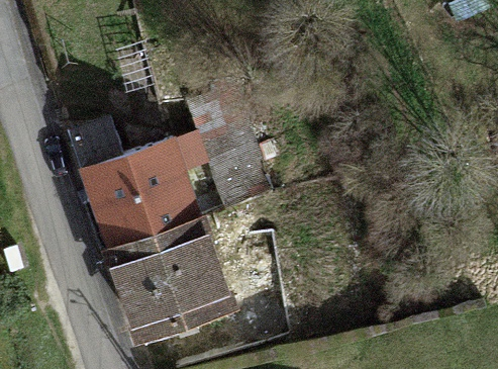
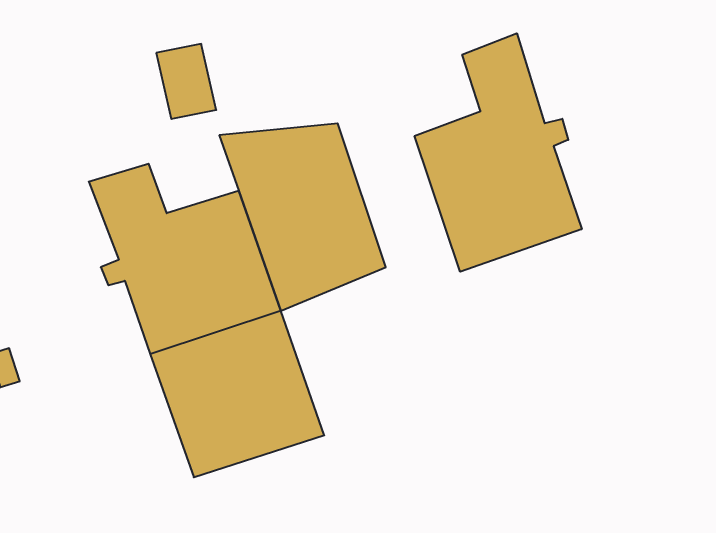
building: none -> [415,33,582,272]

